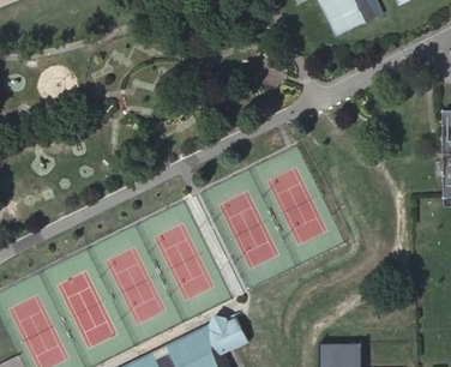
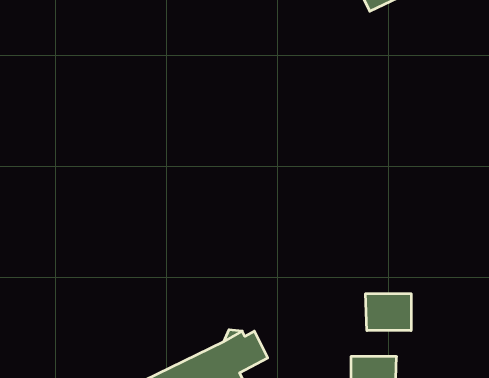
building: none -> [366,294,411,331]

